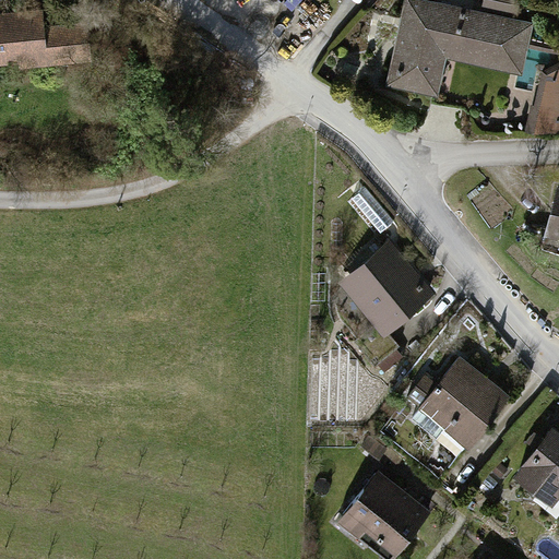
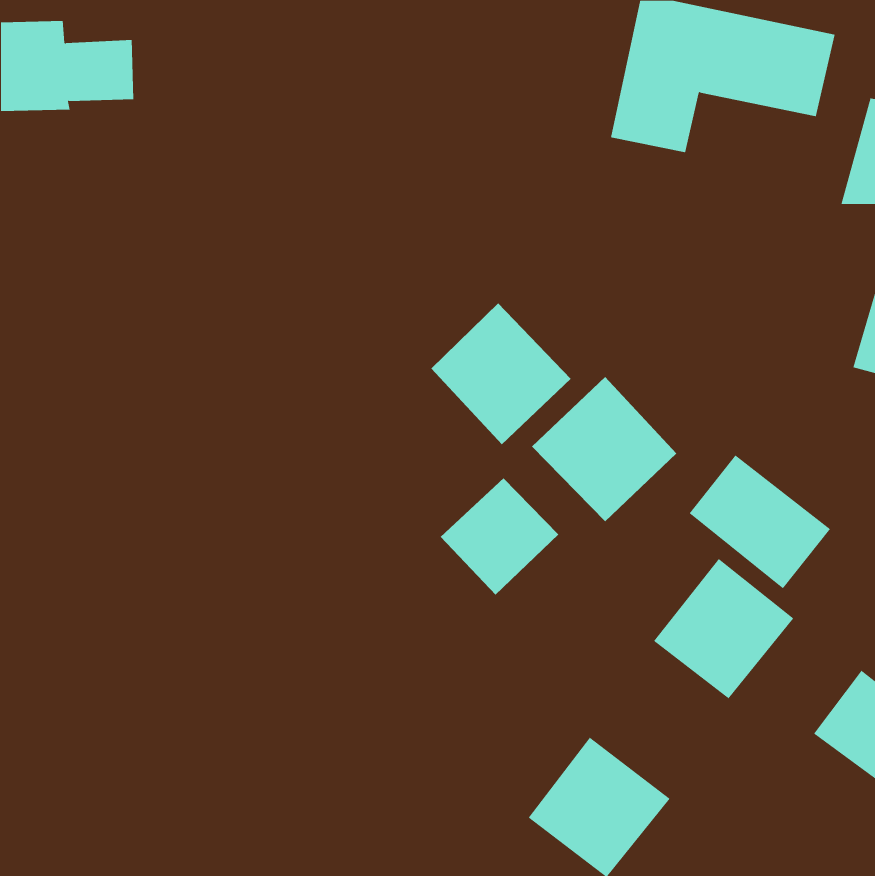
building: none -> [430,302,571,445]
building: none -> [689,454,831,589]
building: none -> [440,477,559,595]

